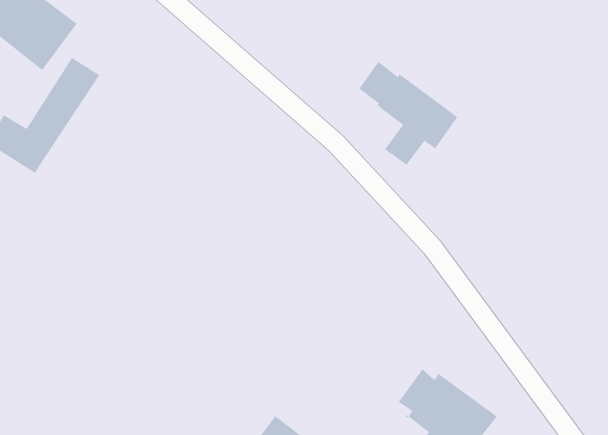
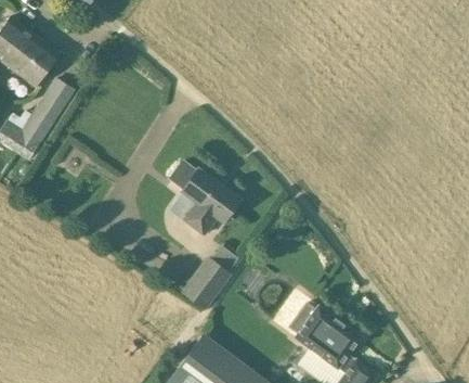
building: [358,61,458,166] -> [169,157,240,232]
building: none -> [181,255,234,309]

